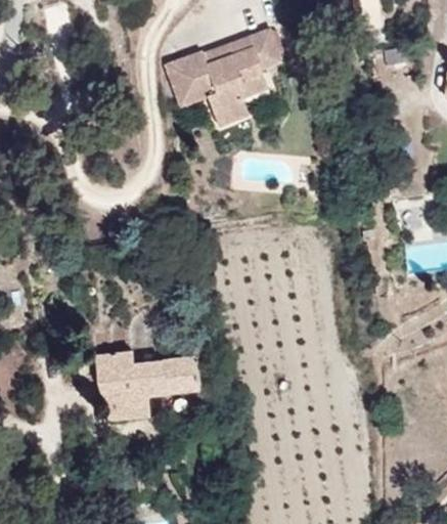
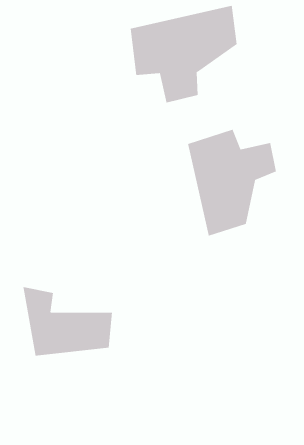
building: none -> [187,129,277,237]

